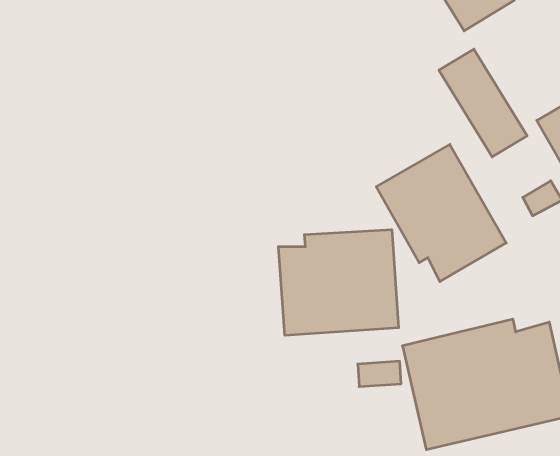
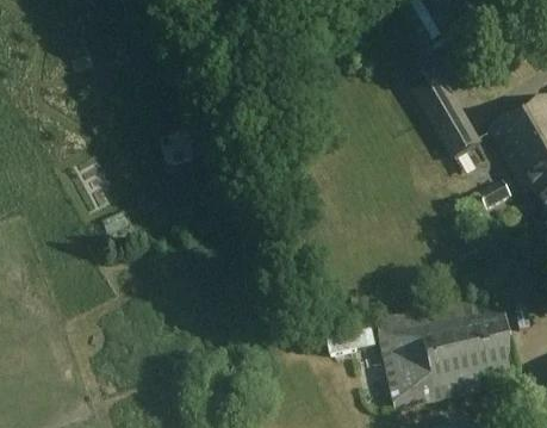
building: [376,144,506,282] -> none
building: [278,230,399,335] -> none

